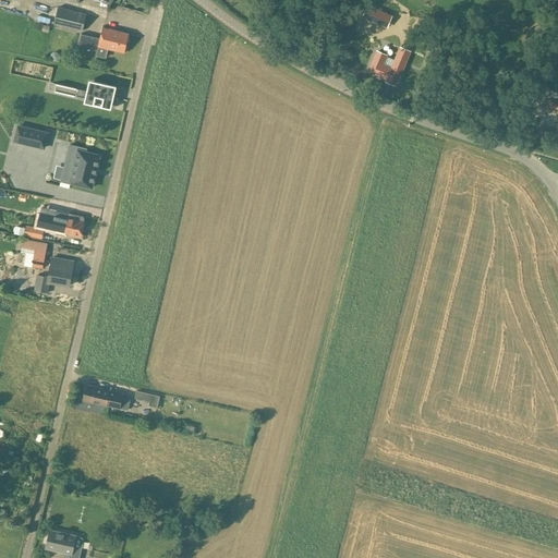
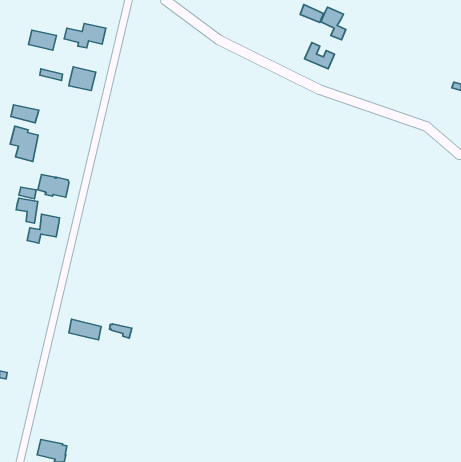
building: [52,8,86,32] -> [28,30,56,50]
building: none -> [321,7,346,40]
building: [63,145,97,187] -> [10,126,38,161]

